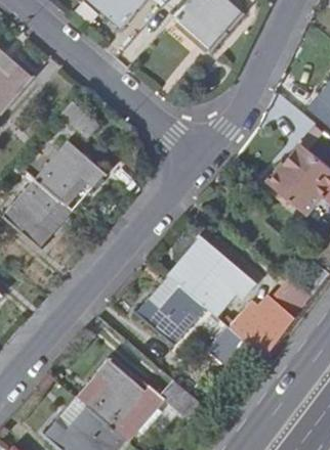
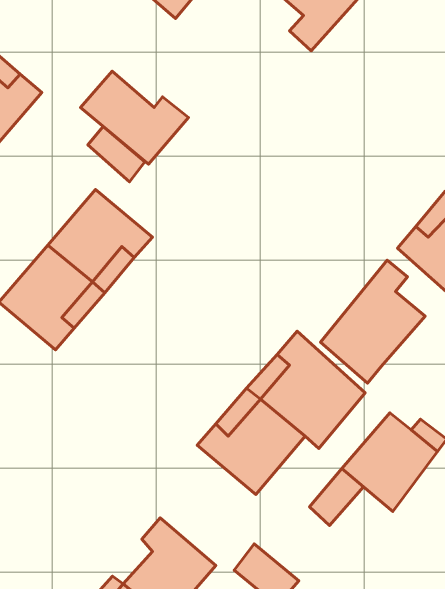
building: none -> [81,71,188,164]
building: none -> [321,260,425,383]

